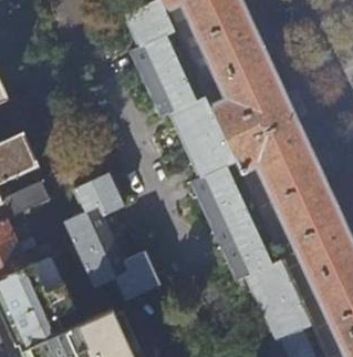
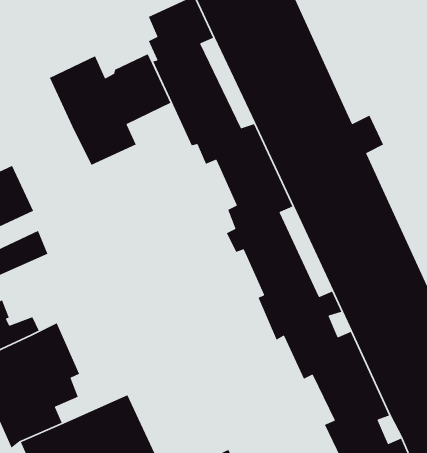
building: none -> [49,53,172,166]
building: [63,172,162,299] -> none

